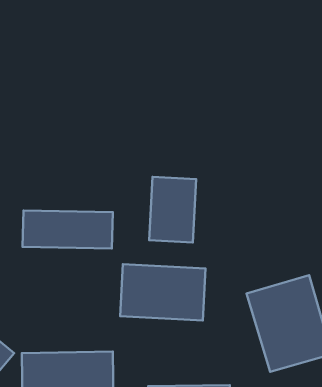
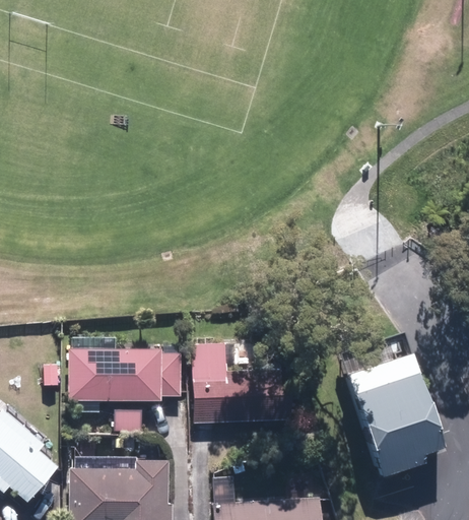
building: [149,177,196,242] -> none
building: [23,211,113,248] -> [72,349,181,395]

